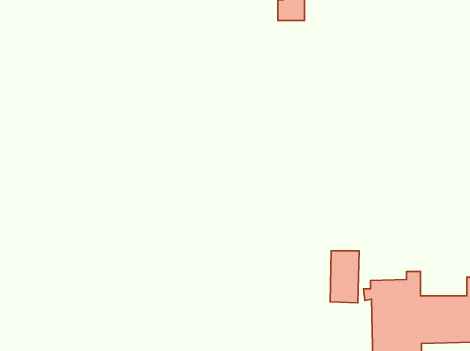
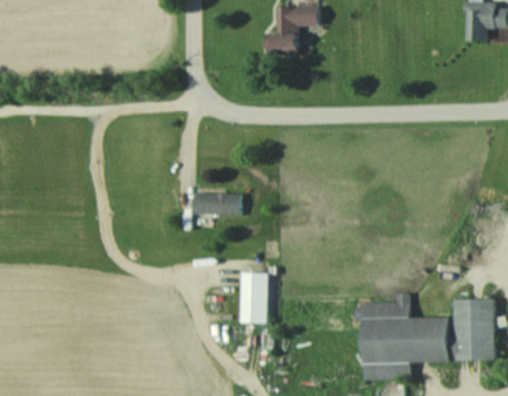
building: none -> [192,192,240,216]
building: [330,251,359,303] -> [240,274,267,324]

